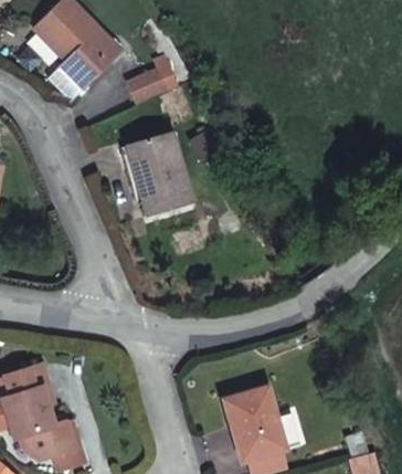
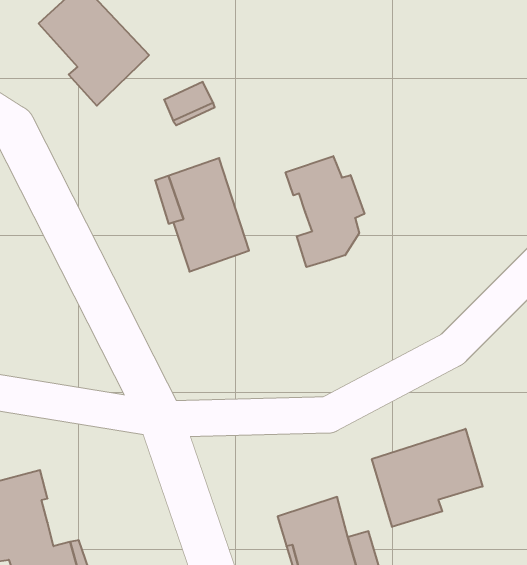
building: none -> [286,156,364,267]
building: none -> [372,429,483,527]

